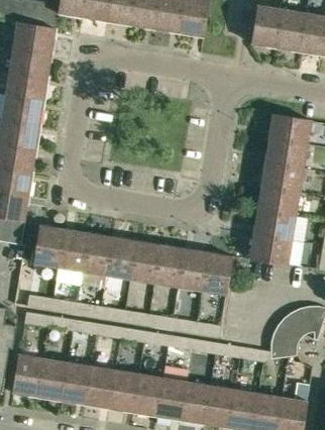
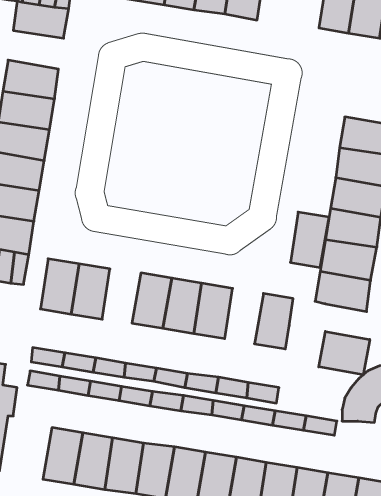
building: [8,45,51,76] -> none
building: [82,232,112,275] -> none
building: [178,247,208,291] -> [290,212,329,268]
building: none -> [319,331,370,375]
building: [11,352,42,397] -> none

